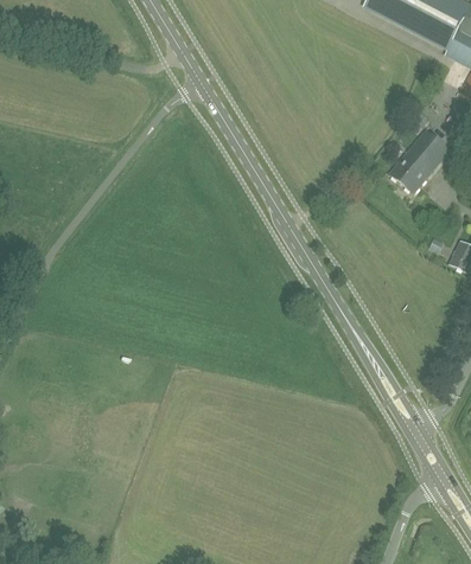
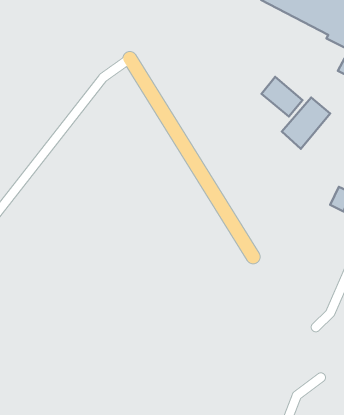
building: none -> [262,77,303,116]

